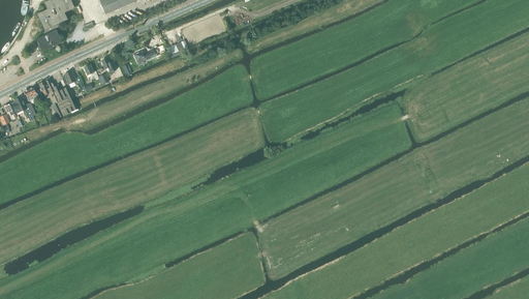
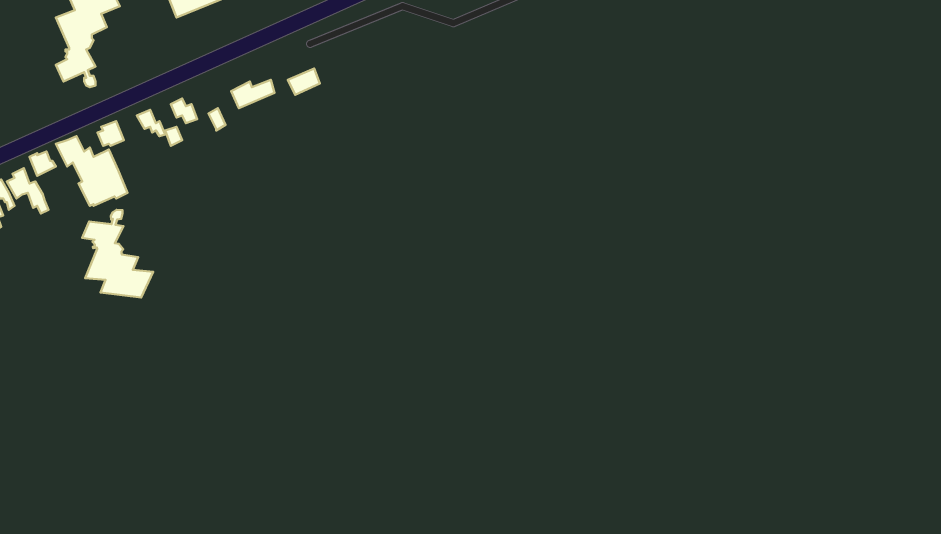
building: none -> [82,210,153,298]

